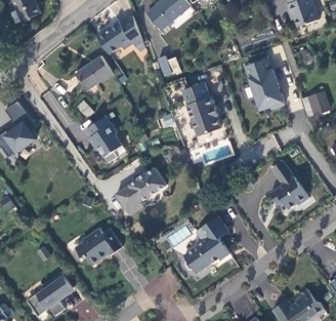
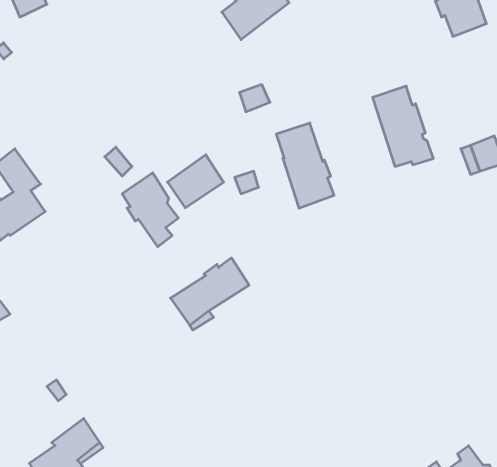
building: [98,14,142,52] -> none
building: [76,55,112,89] -> [167,155,224,208]
building: [269,161,308,208] -> none
building: [183,215,228,274] -> none
building: [75,229,122,266] -> none

